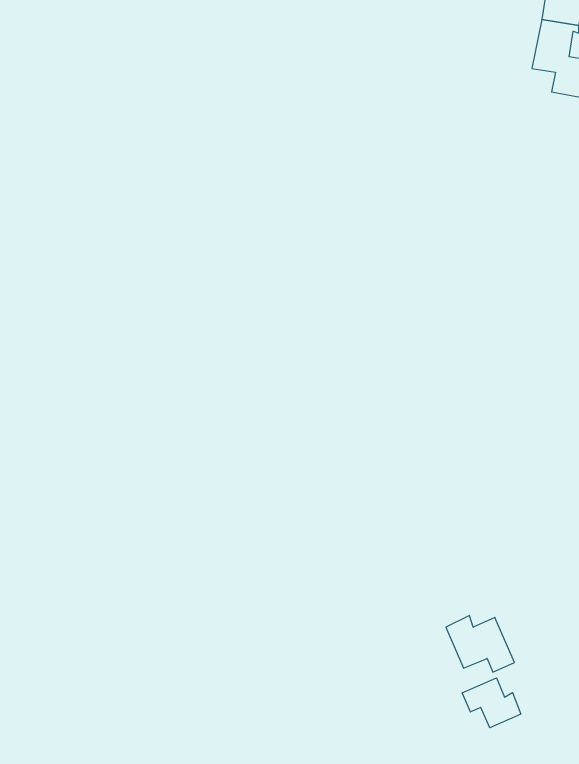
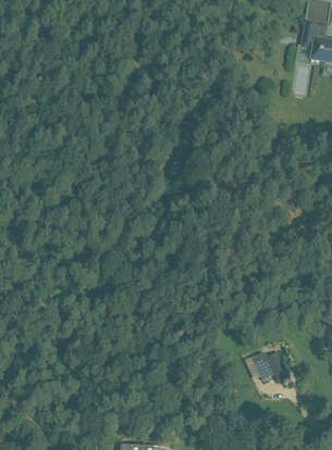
building: [462,678,521,728] -> none

